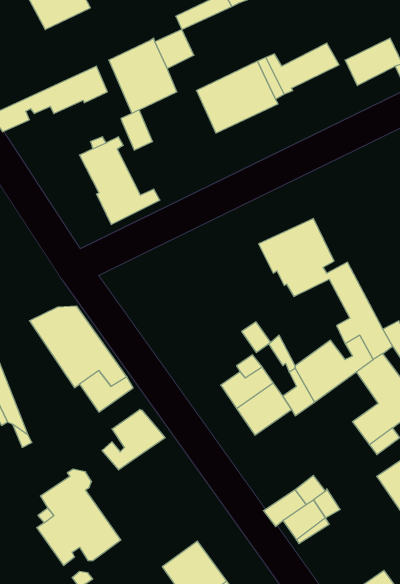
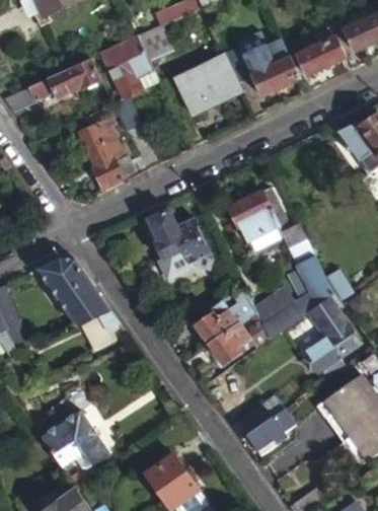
building: none -> [252,57,301,96]
building: none -> [143,208,211,272]
building: [102,409,165,470] -> none

